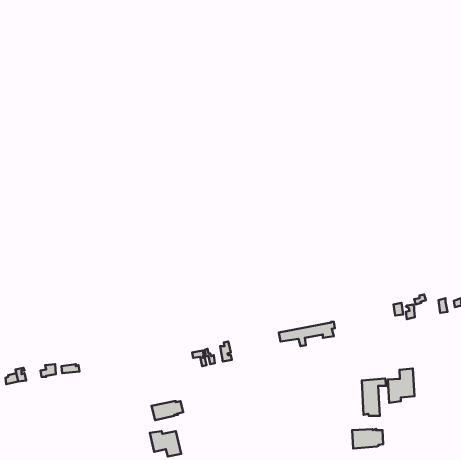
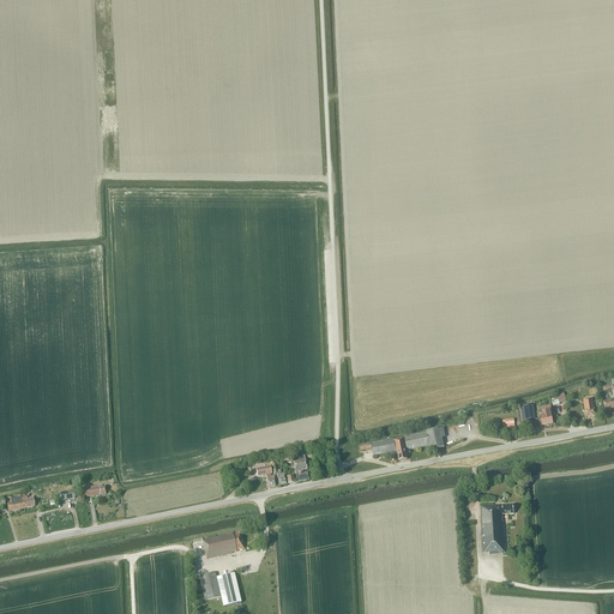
building: [388,368,414,403] -> none
building: [352,429,383,449] -> none

